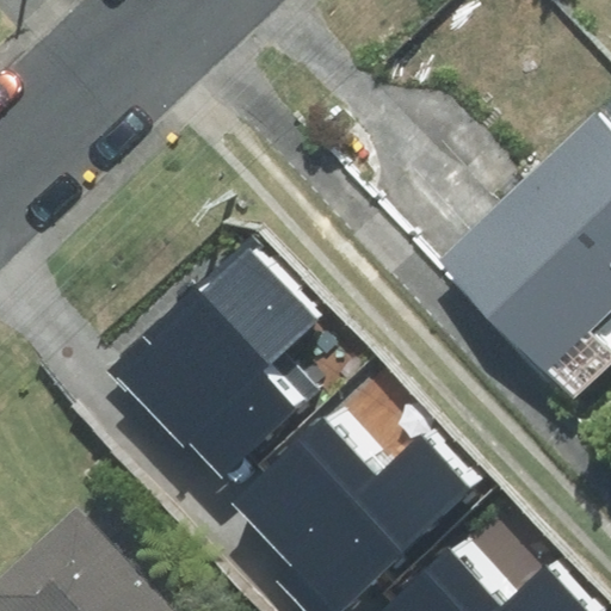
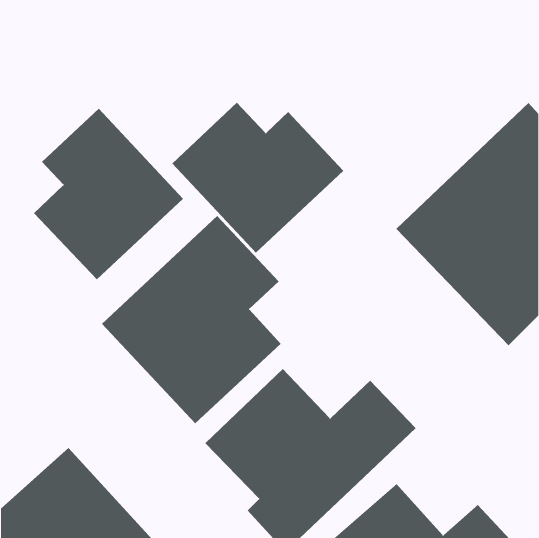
building: none -> [172,102,344,254]
building: none -> [33,108,184,280]

